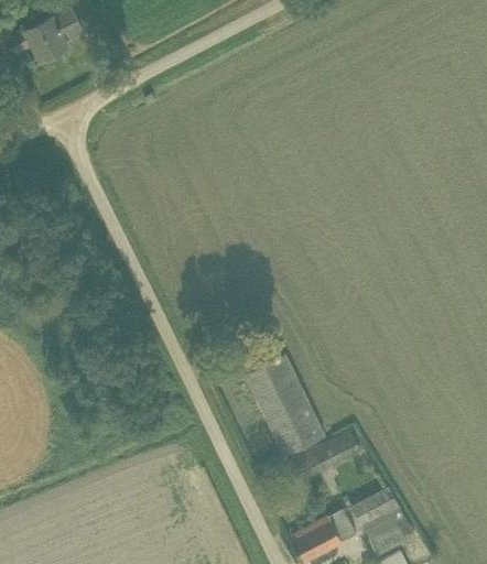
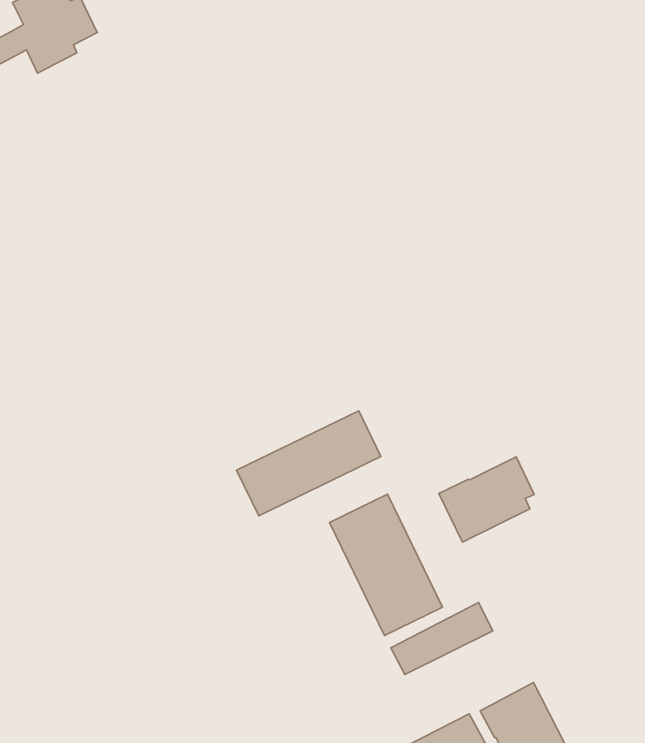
building: none -> [237,411,381,516]
building: none -> [439,457,534,542]

